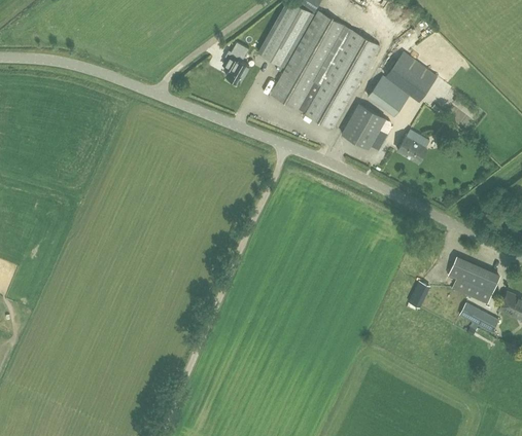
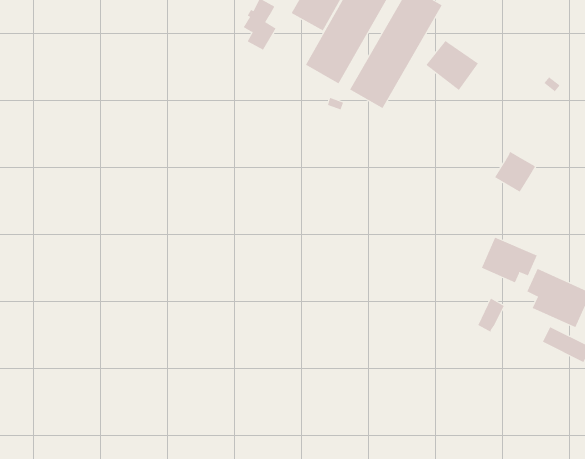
building: [385,49,434,98] -> none
building: [342,104,386,149] -> none
building: [398,130,431,162] -> [494,151,536,193]
building: none -> [481,237,537,283]

